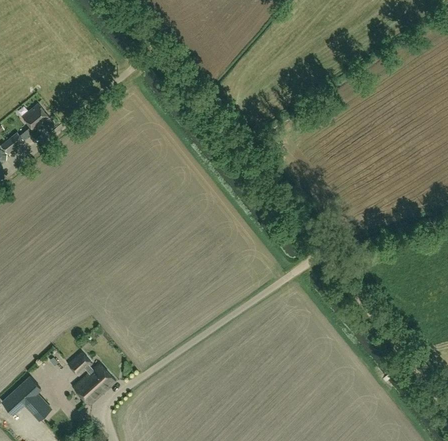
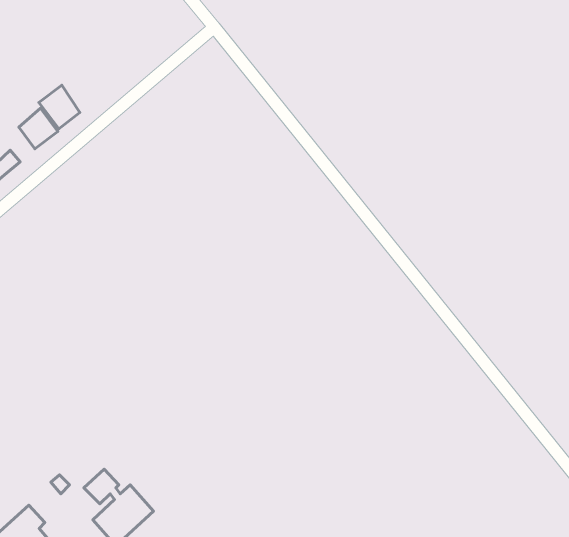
building: none -> [39,85,80,129]

